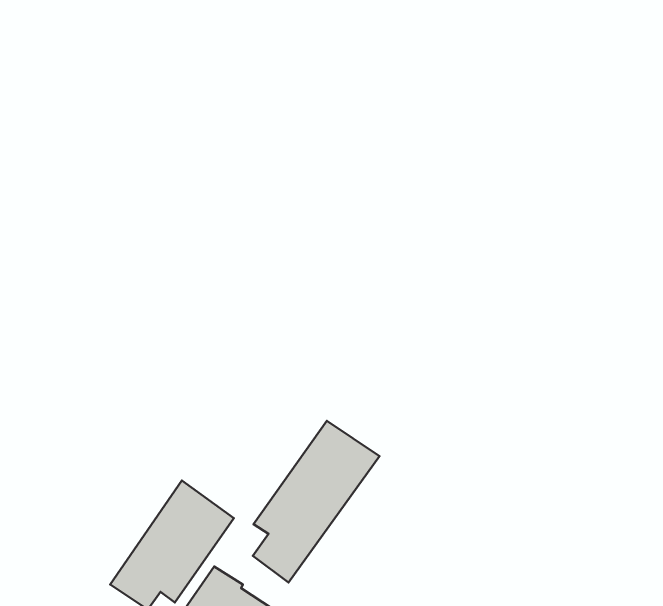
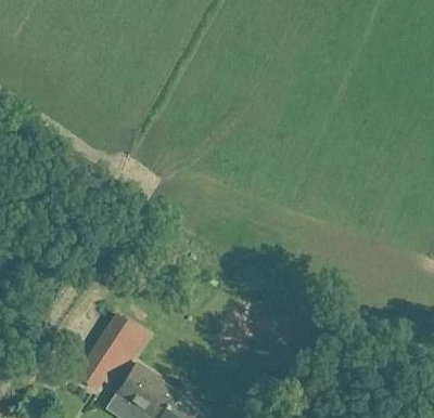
building: [253,421,379,583] -> none

